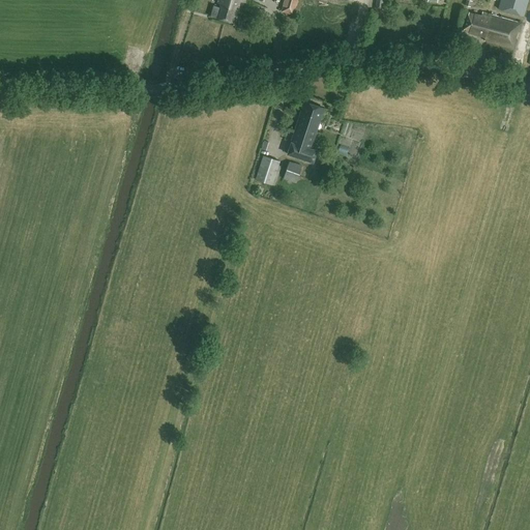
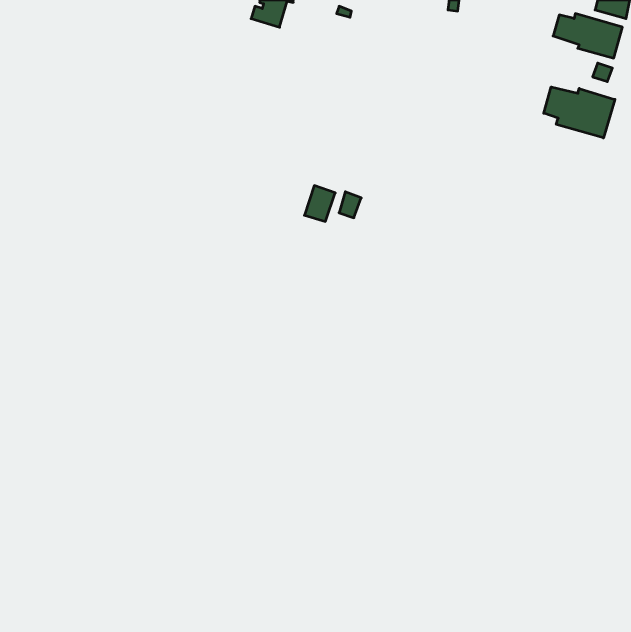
building: none -> [544,87,615,138]
building: [288,101,324,161] -> none

